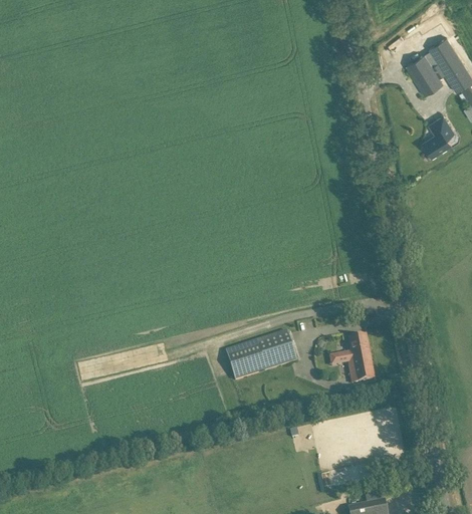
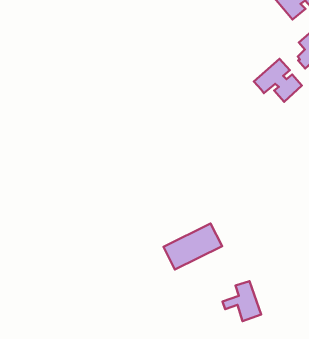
building: none -> [254,59,302,102]
building: [328,334,374,382] -> [222,281,261,321]

